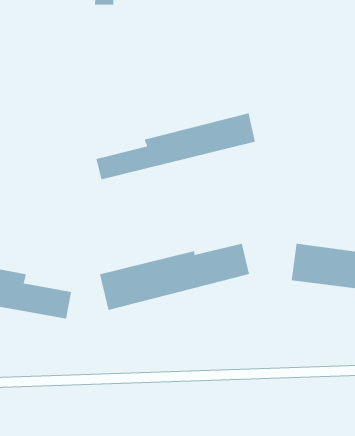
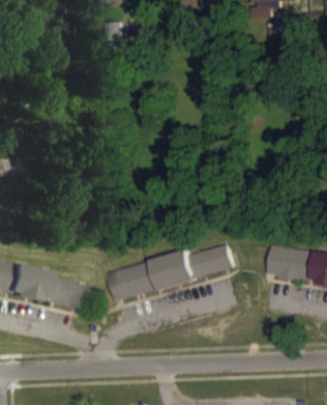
building: [96,112,256,180] -> none

